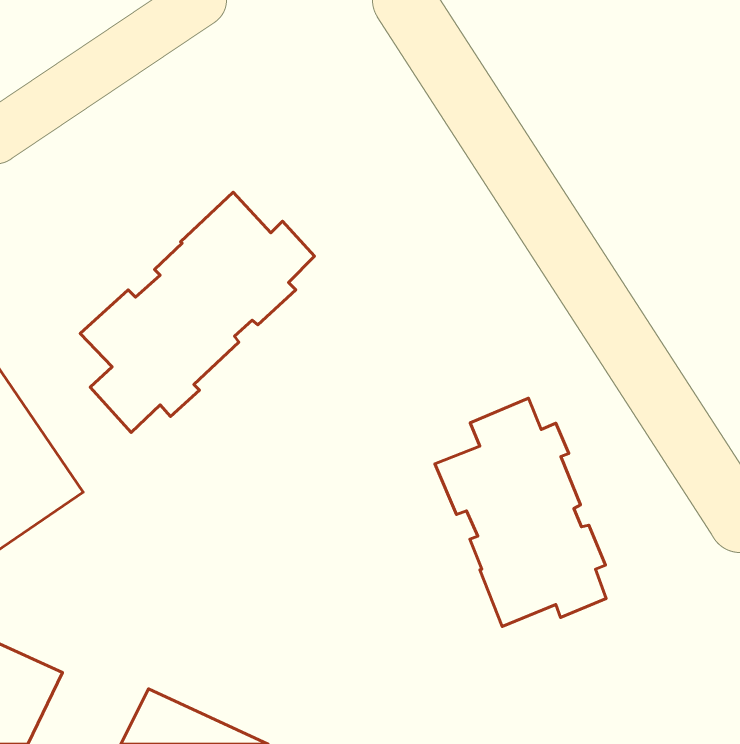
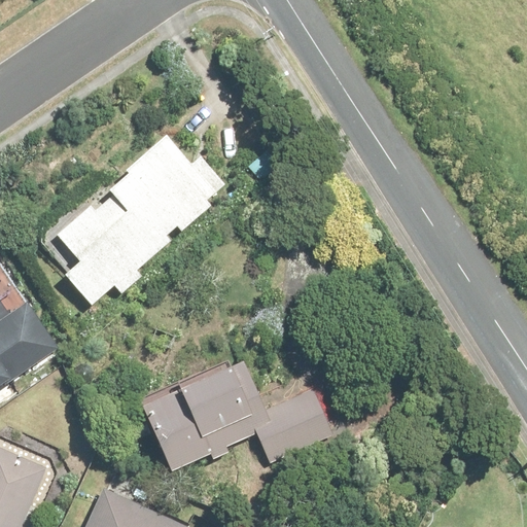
building: [435,398,606,627] -> none
building: none -> [139,358,335,469]

